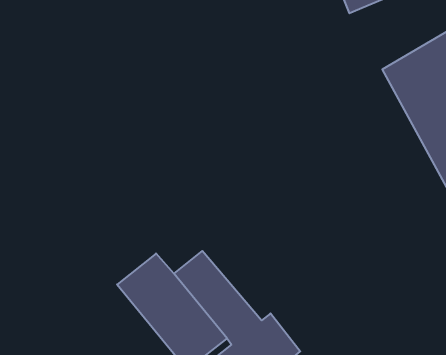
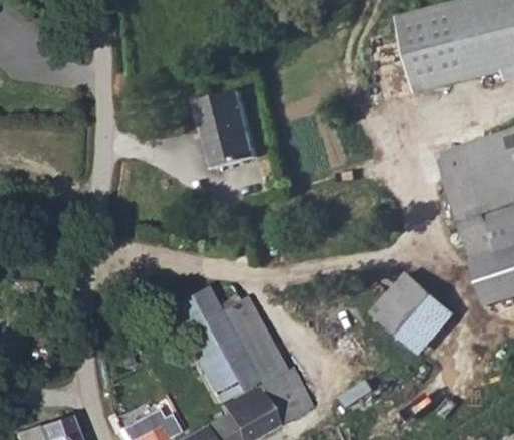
building: none -> [200,94,255,171]
building: none -> [372,273,457,359]

